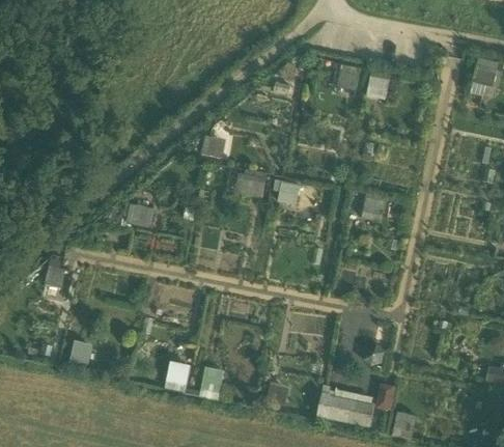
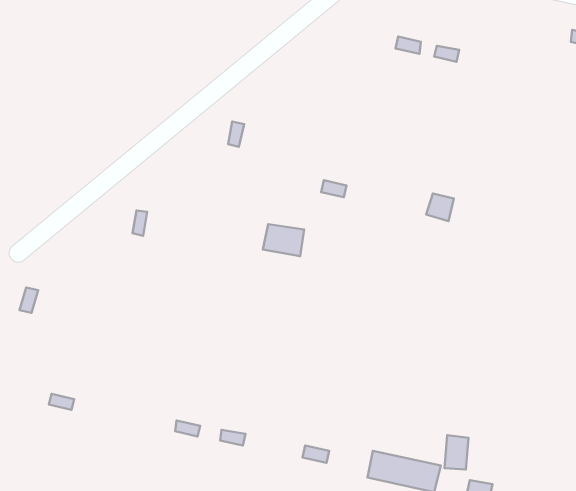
building: [234,170,267,195] -> [263,224,304,256]

